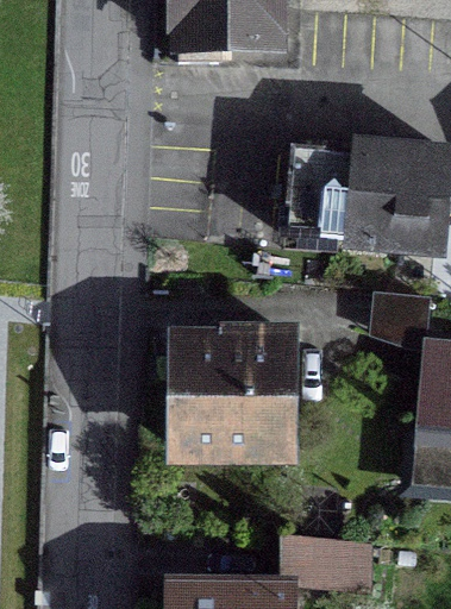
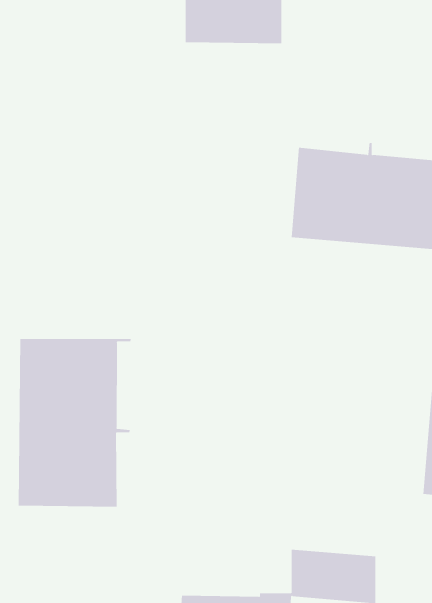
building: [180,332,289,451] -> none
building: none -> [18,338,131,508]

